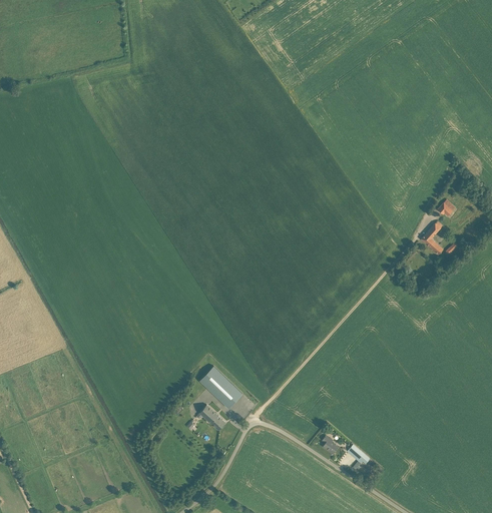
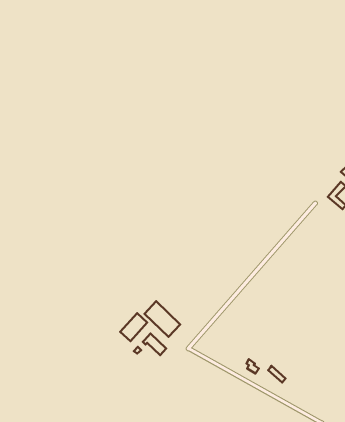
building: none -> [120,313,147,341]

